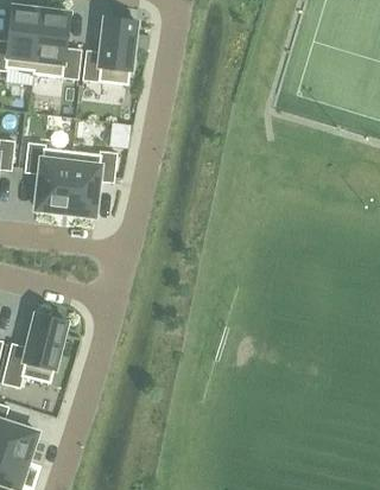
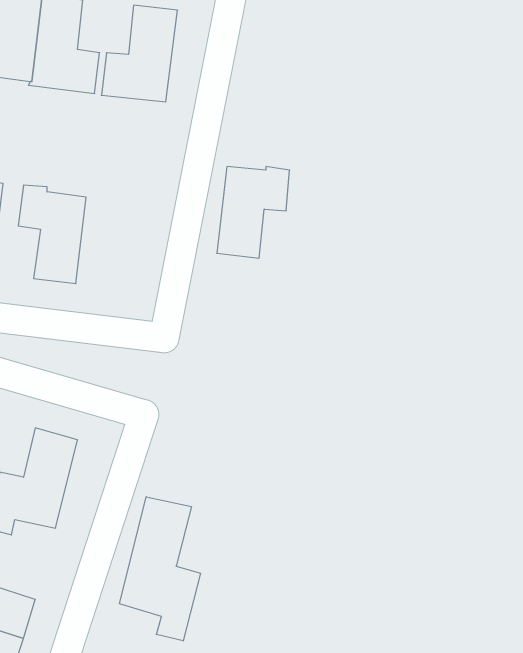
building: [64,151,115,215] -> [217,167,290,258]
building: none -> [120,497,201,641]

